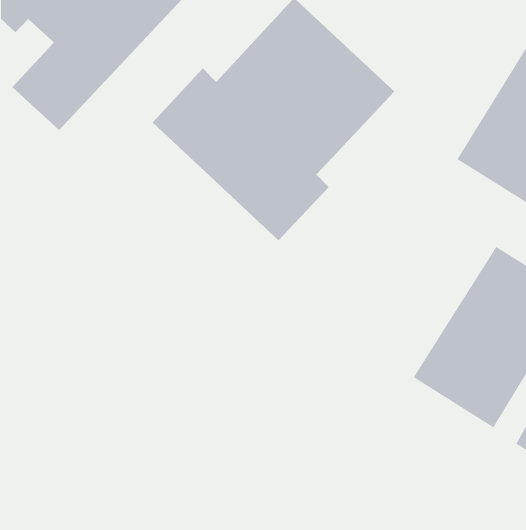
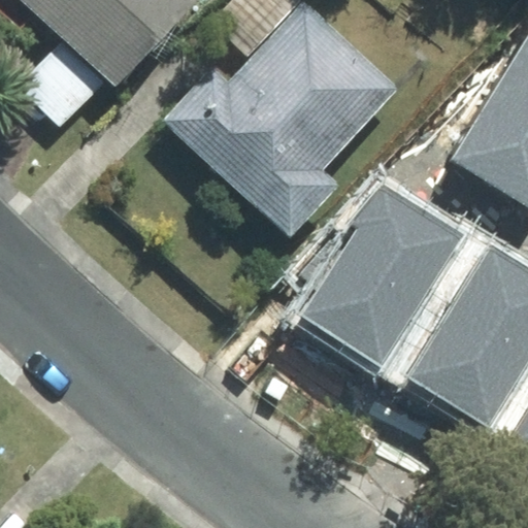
building: none -> [304,184,468,365]

